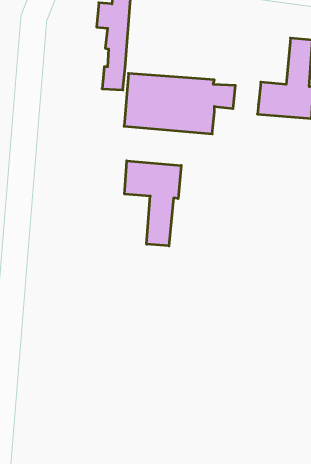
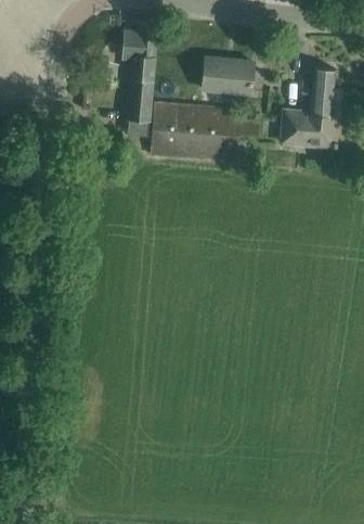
building: none -> [200,56,251,92]
building: [125,161,181,246] -> none

